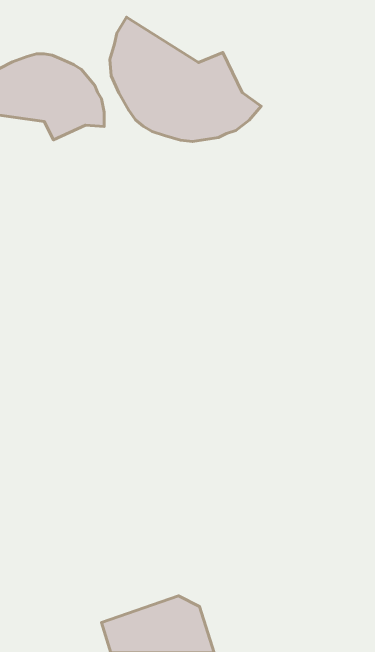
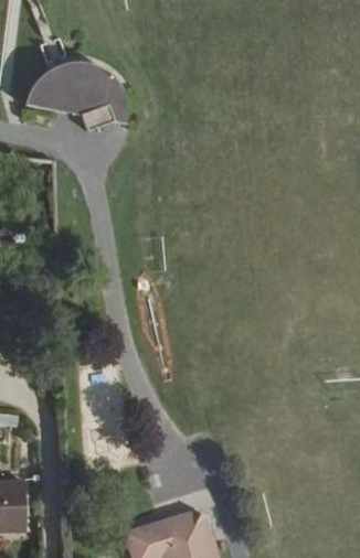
building: [110,17,261,142] -> none

